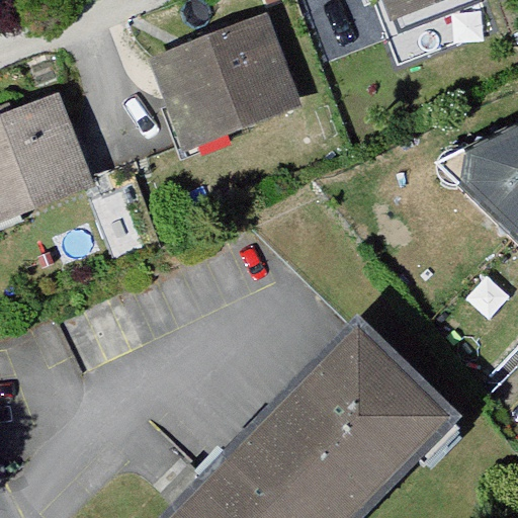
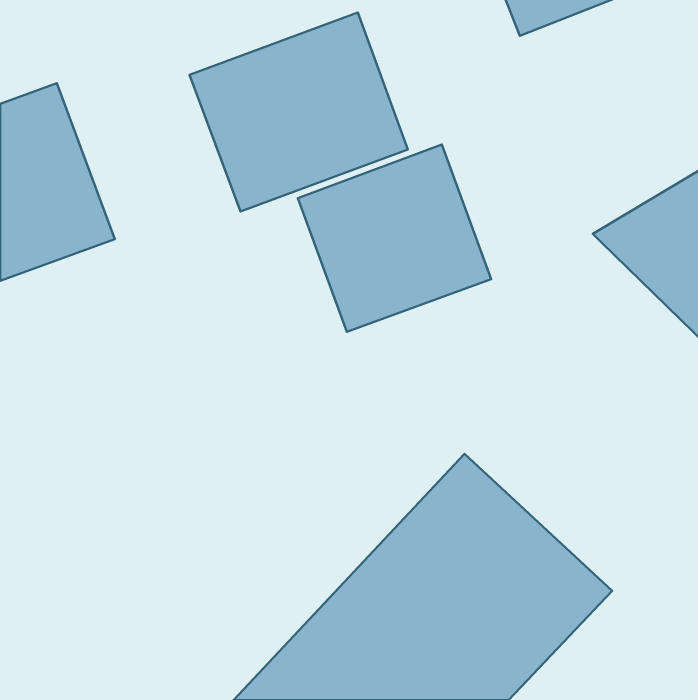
building: none -> [298,144,491,332]

